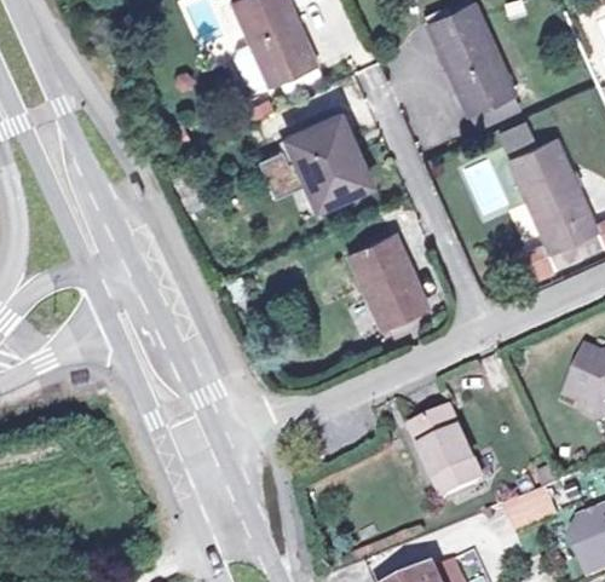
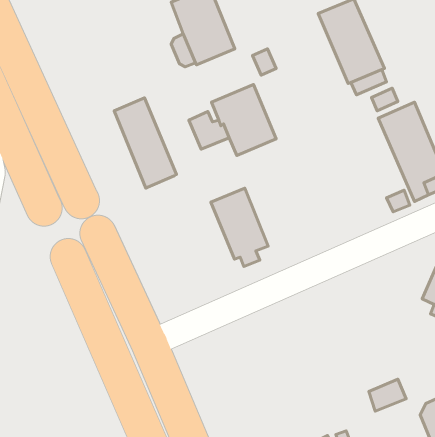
building: none -> [114,98,177,188]
building: [351,234,425,335] -> [211,188,268,267]
building: [414,408,480,491] -> none

